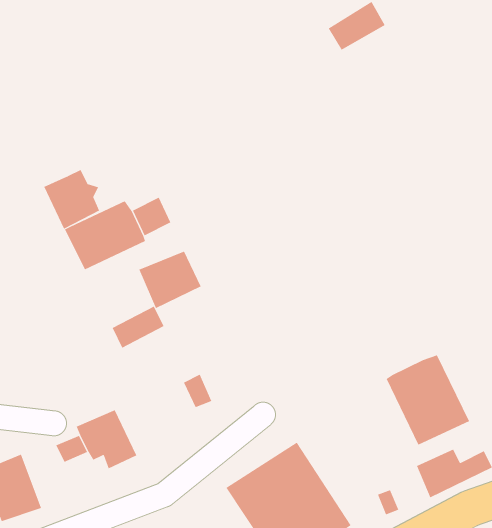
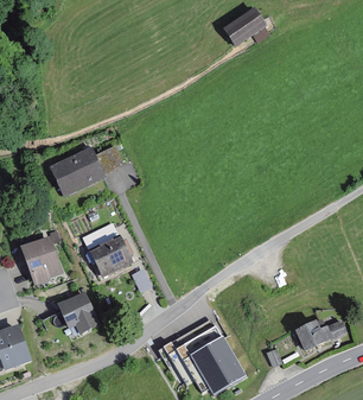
building: [44,169,100,229] -> none
building: [139,251,202,309] -> [88,236,132,277]
building: none -> [17,234,63,286]
building: [386,355,470,445] -> none

